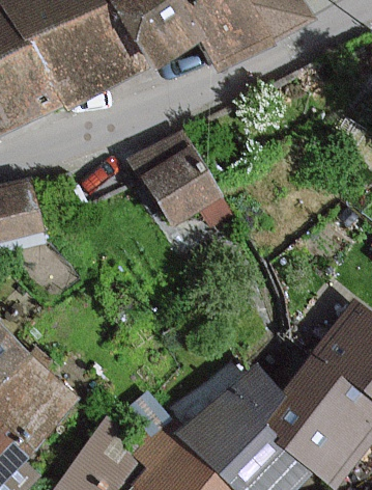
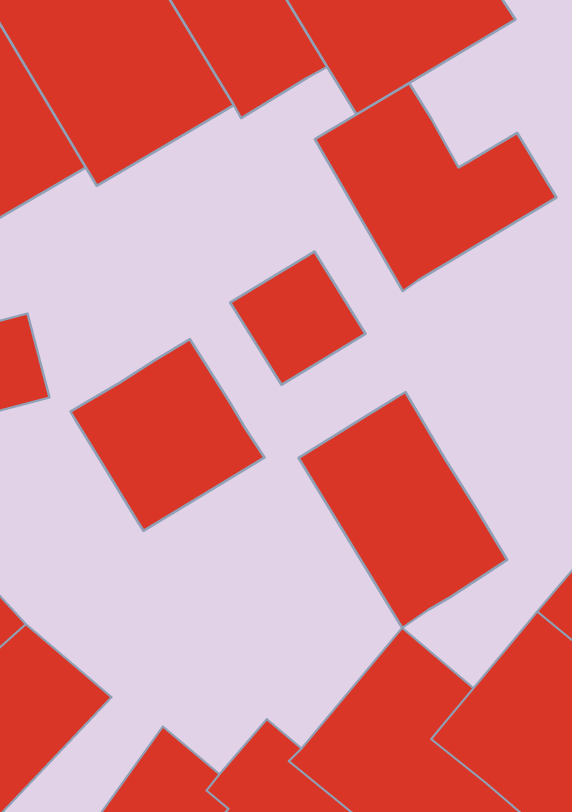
building: none -> [315,83,556,291]
building: none -> [70,339,264,531]
building: none -> [299,392,507,628]

